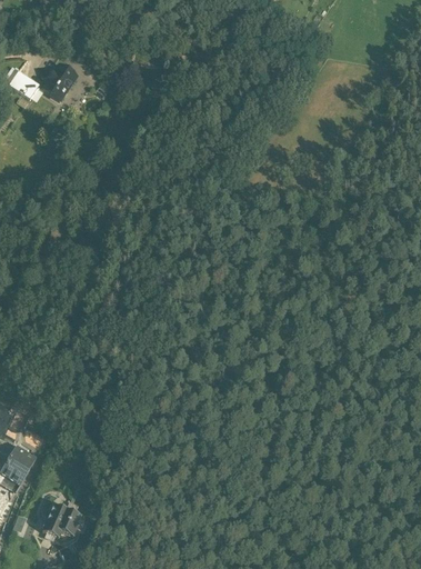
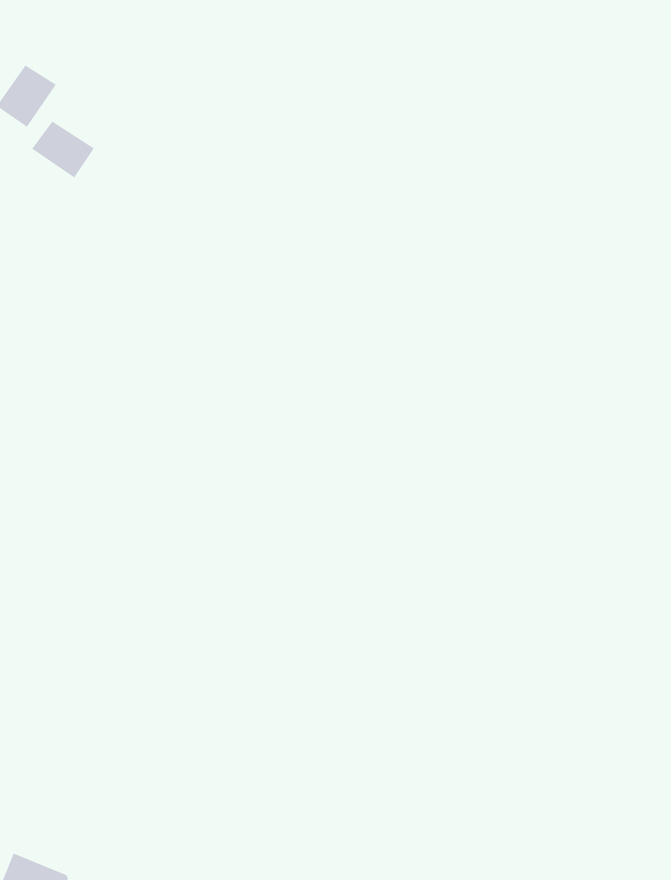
building: none -> [31,120,95,178]

